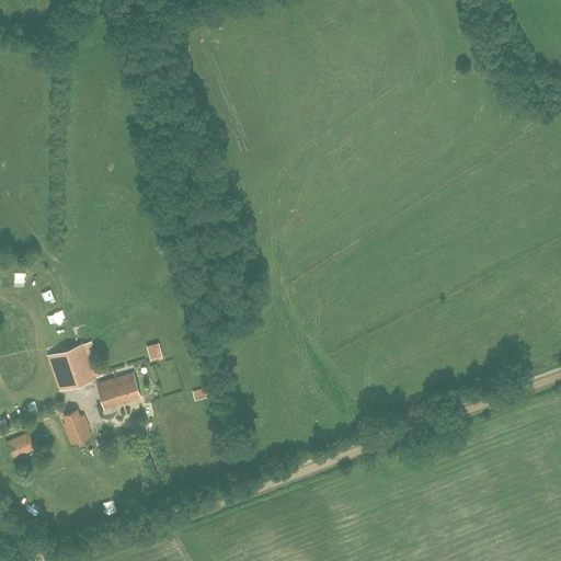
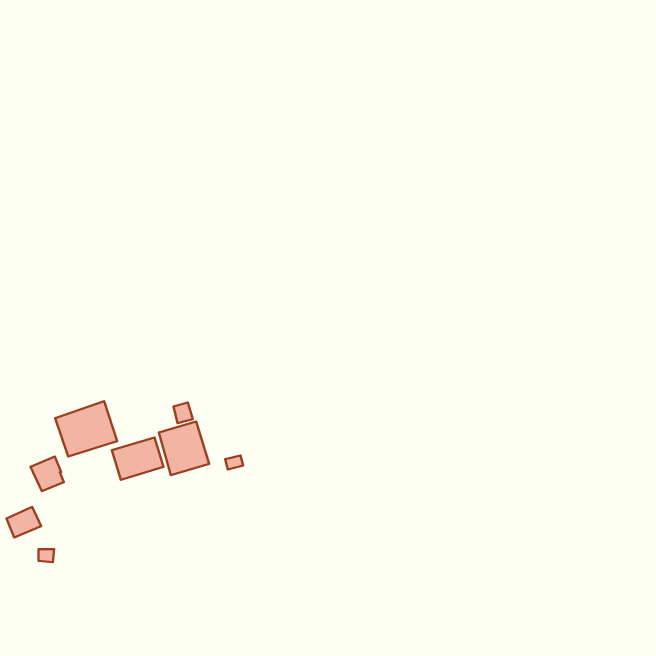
building: none -> [159,421,209,475]
building: [61,415,90,445] -> [30,457,64,491]

